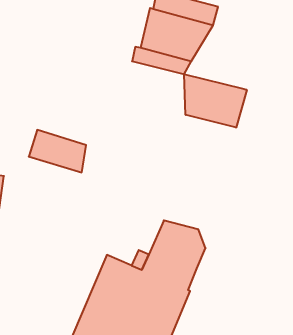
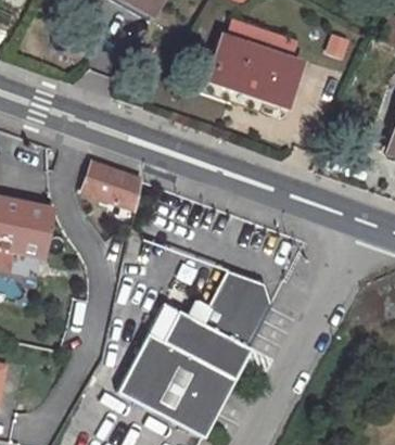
building: [184,74,247,128] -> none

